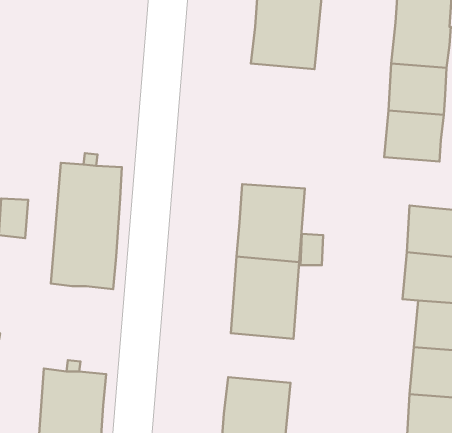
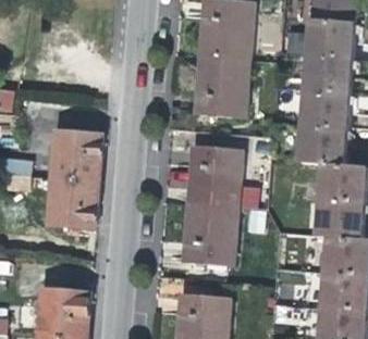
building: none -> [195,54,248,114]
building: none -> [298,126,344,165]

